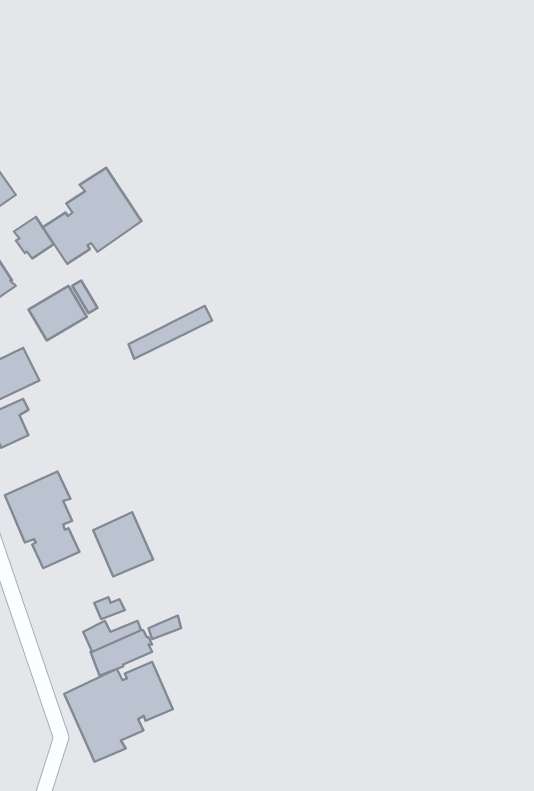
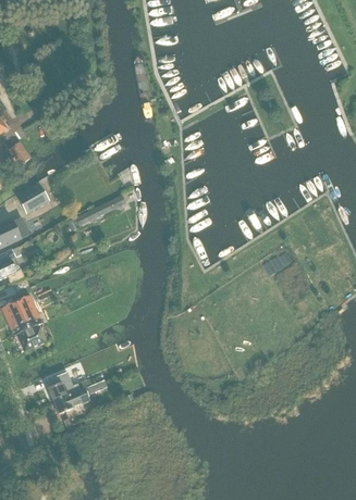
building: [43,168,141,264] -> none
building: [93,512,153,577] -> none
building: [64,662,173,762] -> none

